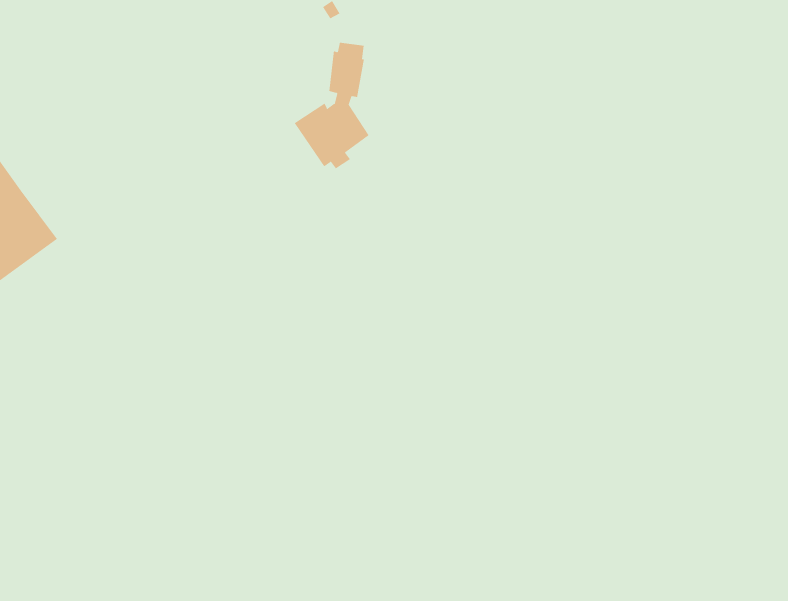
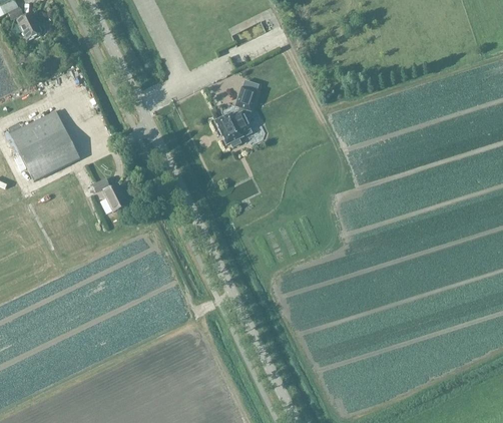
building: none -> [92,177,127,210]

